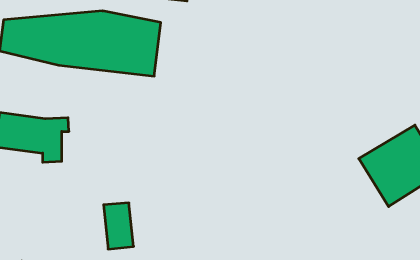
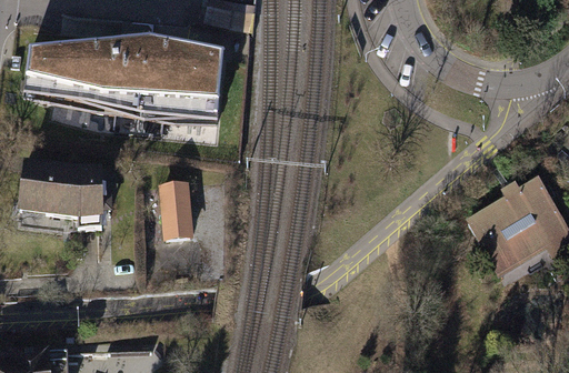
building: [104,203,134,249] -> [160,179,197,235]

